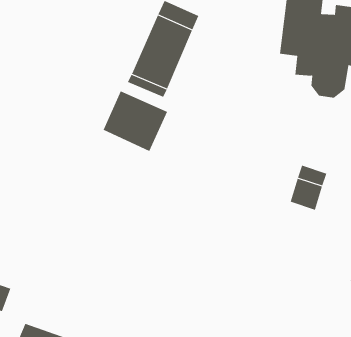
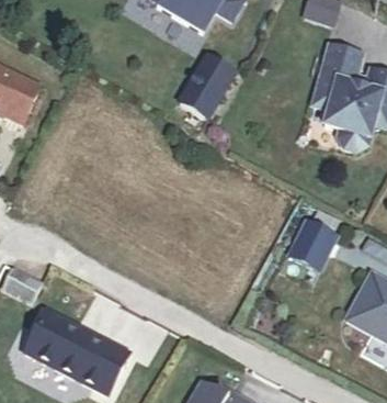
building: [103,90,168,152] -> none

